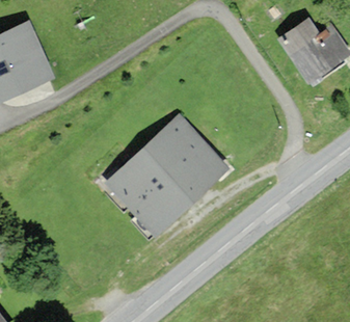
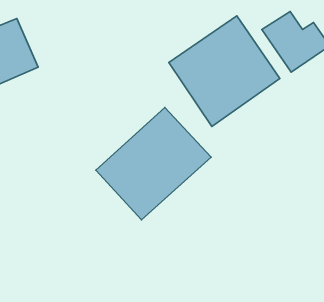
building: none -> [169,16,280,126]

